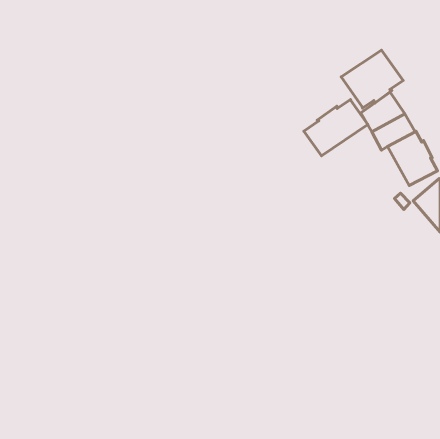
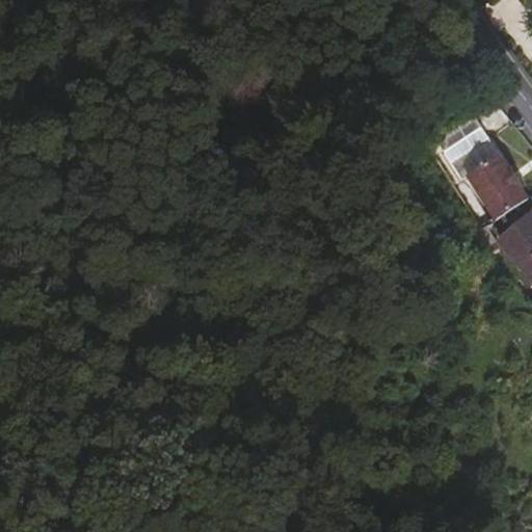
building: [341,50,403,108] -> none
building: [304,99,368,156] -> none

